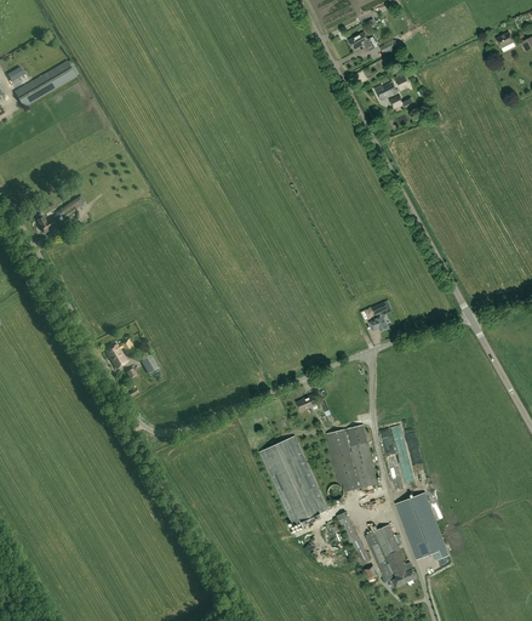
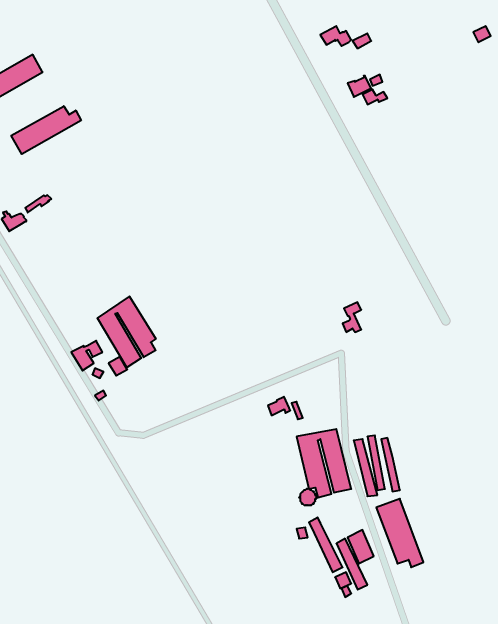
building: none -> [11,106,81,154]
building: none -> [97,296,156,367]
building: [258,435,327,525] -> none
building: [385,549,414,586] -> none

